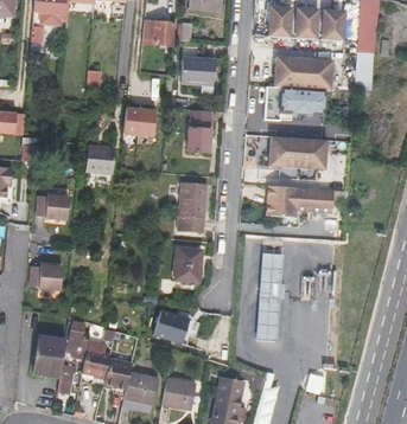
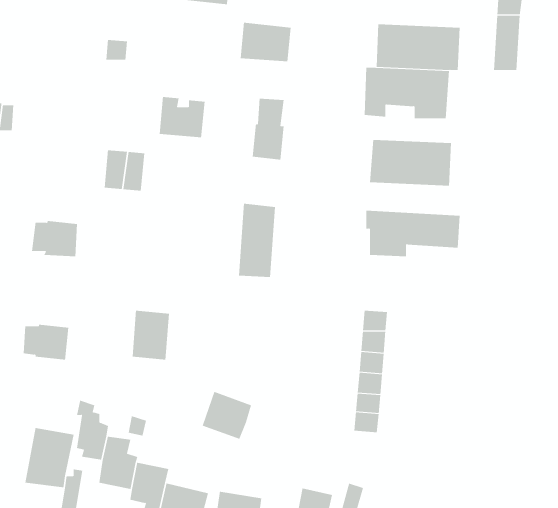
building: [174,246,201,281] -> [132,310,170,360]

